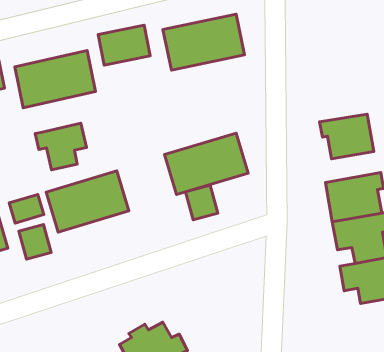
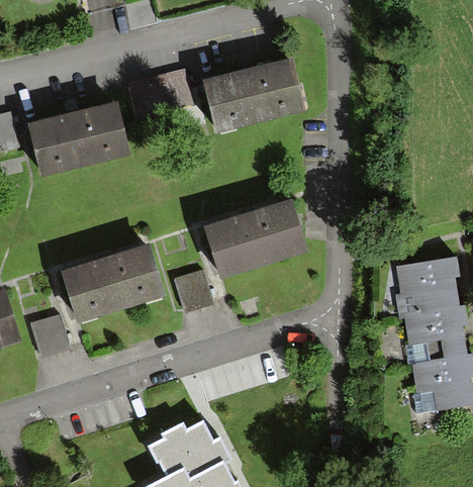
building: [320,114,374,159] -> none
building: [35,123,86,170] -> none
building: [186,185,218,220] -> [175,267,213,308]
building: [9,194,44,223] -> none

